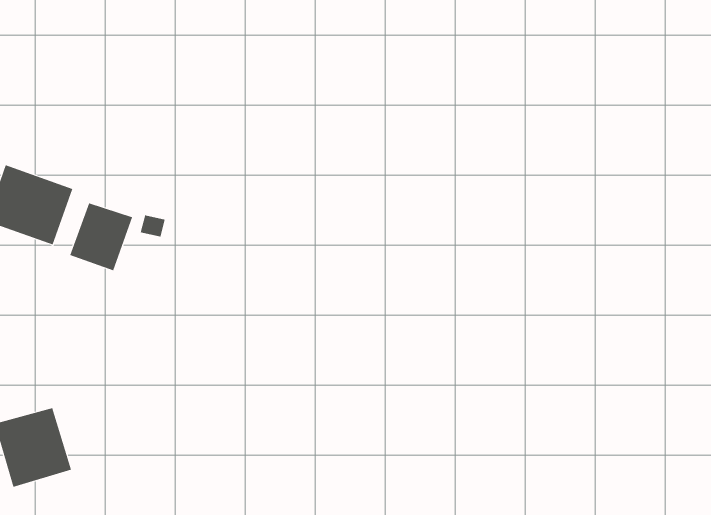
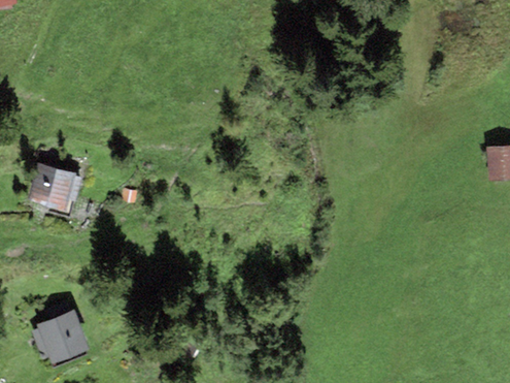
building: [70,203,133,271] -> none

